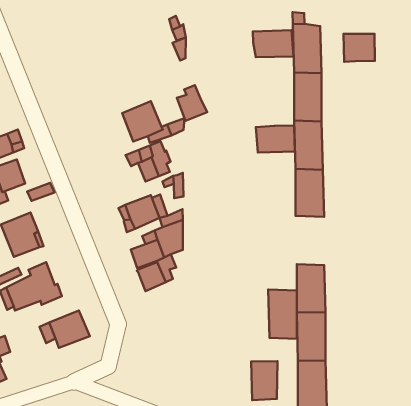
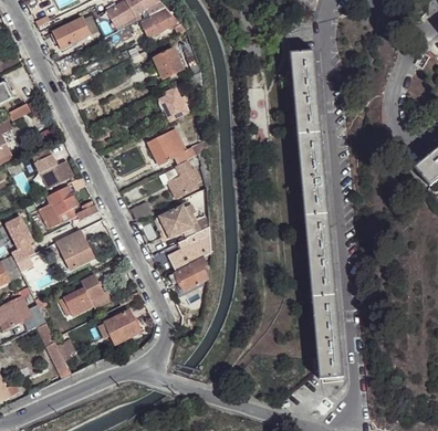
building: none -> [154,49,182,77]
building: [253,30,294,57] -> none
building: [343,34,375,62] -> none
building: [177,85,207,121] -> [161,90,188,120]
building: [256,125,295,153] -> none
building: [268,290,297,339] -> [305,214,333,256]
building: [251,361,277,400] -> none

